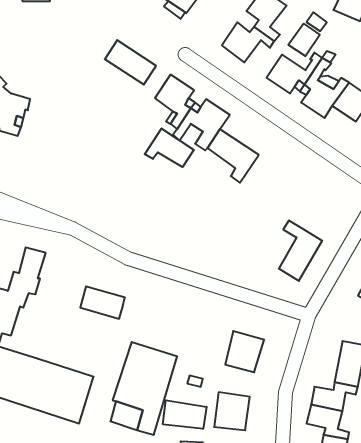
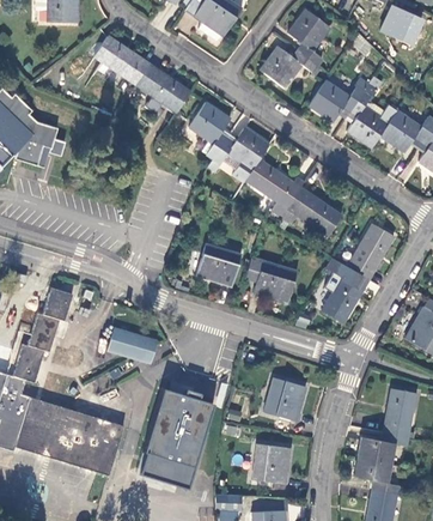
building: none -> [94,37,150,85]
building: [288,24,320,56] -> none
building: [145,128,194,167] -> none
building: none -> [281,188,342,237]
building: none -> [348,224,395,280]
building: none -> [197,244,243,286]
building: none -> [245,258,298,303]
building: [163,400,207,429] -> none

